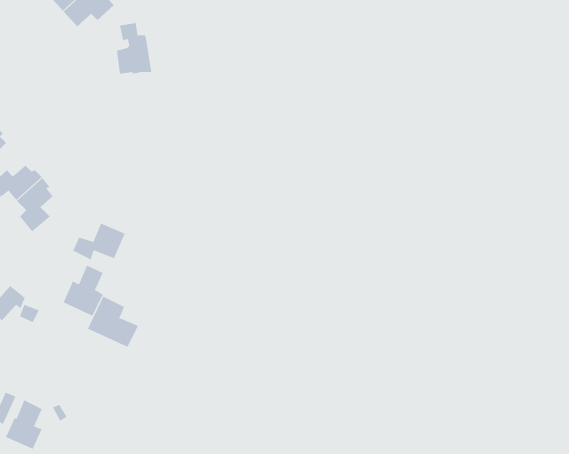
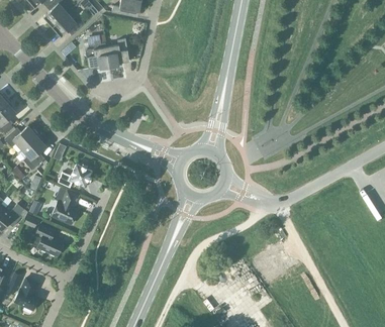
building: none -> [106,38,129,67]
building: [87,296,139,348] -> [30,223,64,256]

